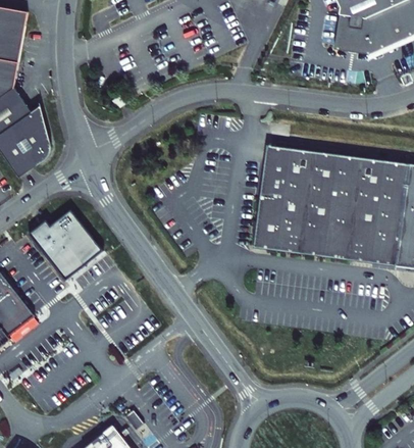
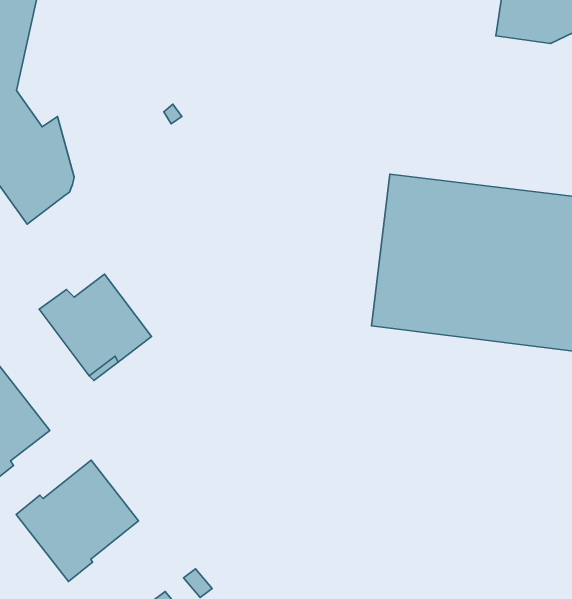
building: none -> [16,460,139,581]

